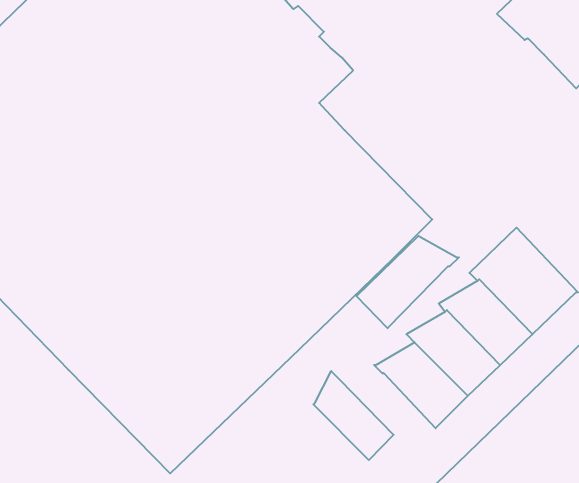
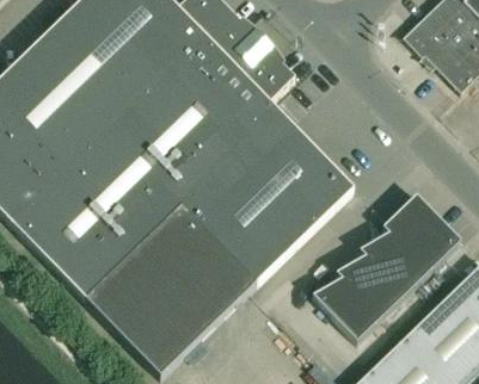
building: [356,236,459,328] -> none
building: [313,371,394,460] -> none

